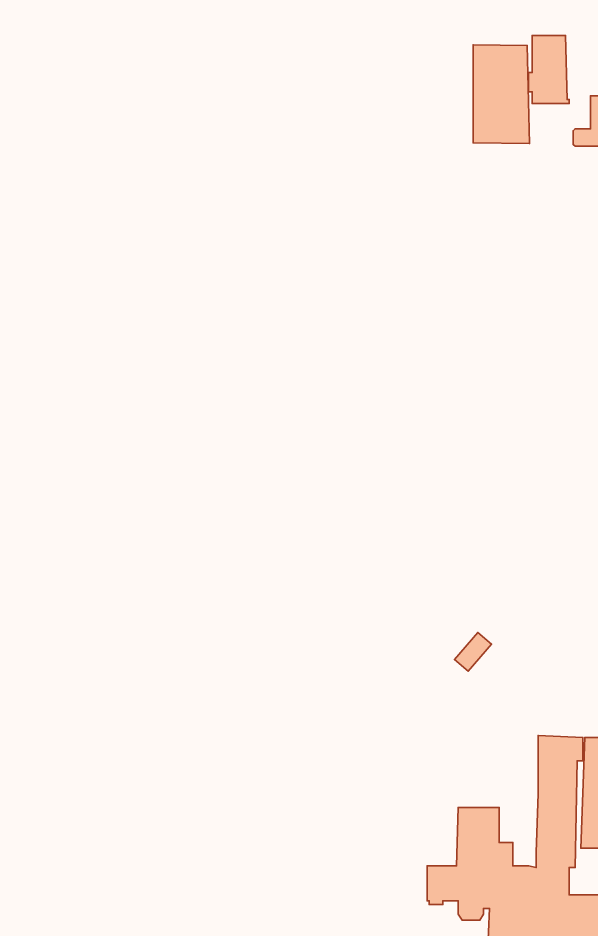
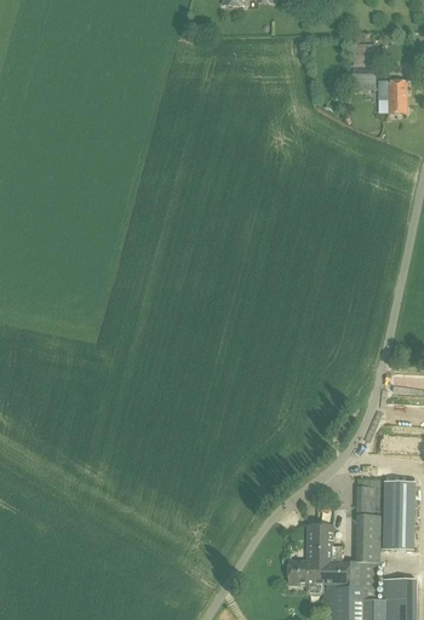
building: [473,45,530,143] -> none

